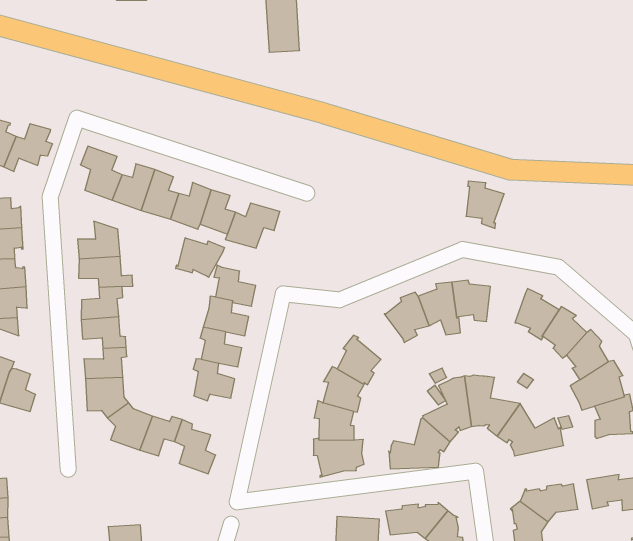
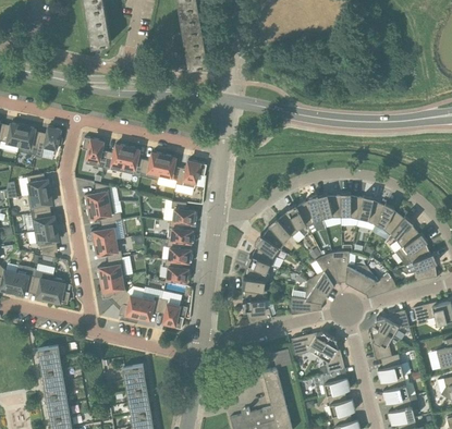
building: [466,181,504,228] -> [340,193,363,220]
building: [176,238,225,277] -> none
building: none -> [262,218,291,249]

